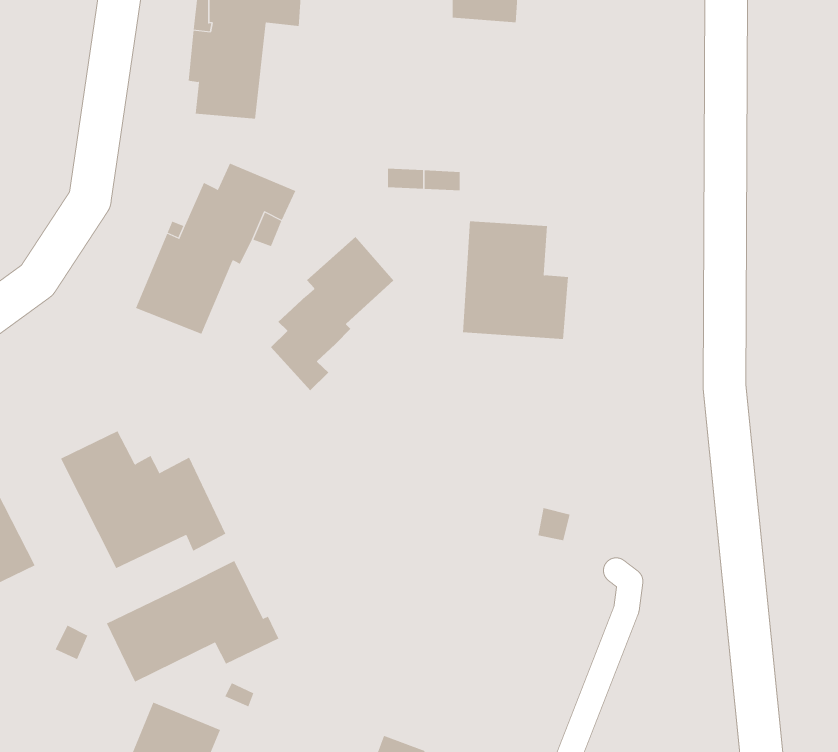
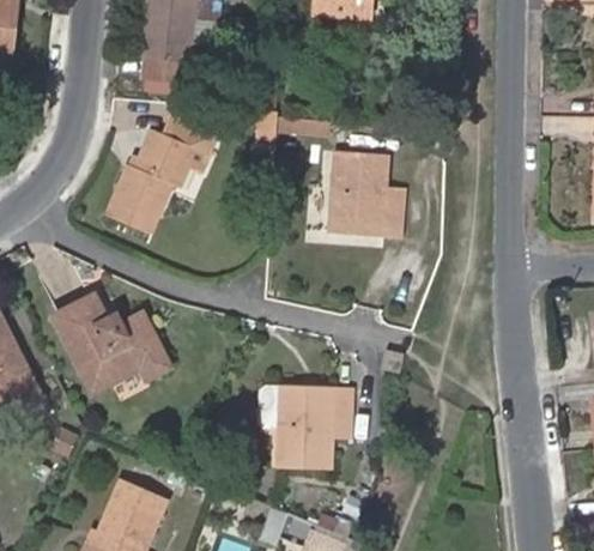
building: [270,236,394,391] -> none
building: [106,560,279,683] -> none
building: none -> [259,389,350,466]

